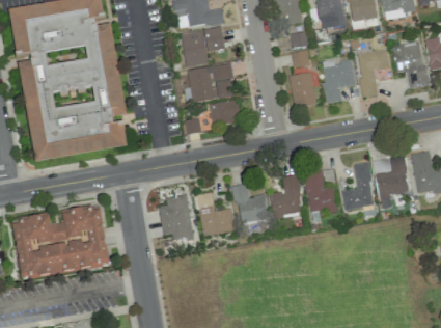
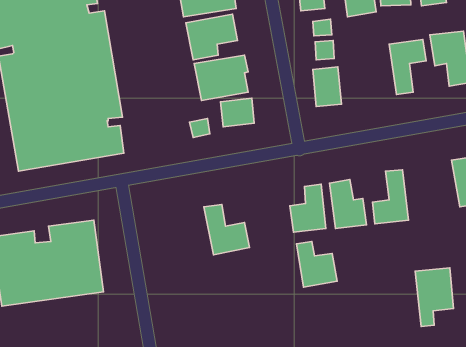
building: [323,58,356,102] -> none
building: [375,156,408,207] -> [415,268,453,326]
building: [233,183,269,222] -> [296,242,337,287]
building: [159,194,194,240] -> none

